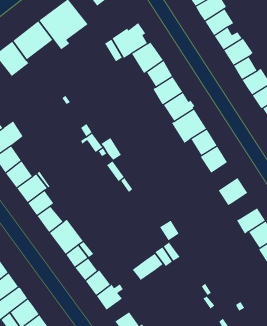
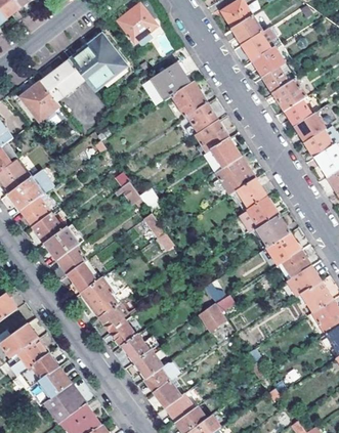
building: none -> [256,215,289,246]
building: none -> [282,249,310,276]
building: [132,253,163,281] -> [143,360,178,391]

